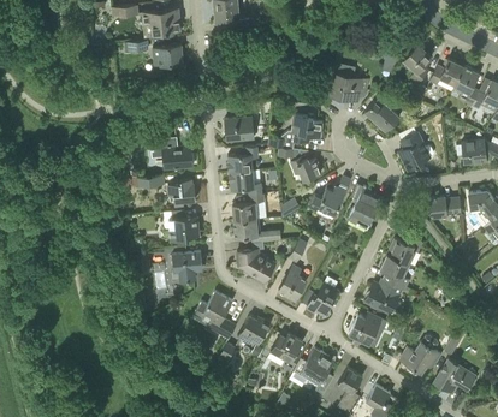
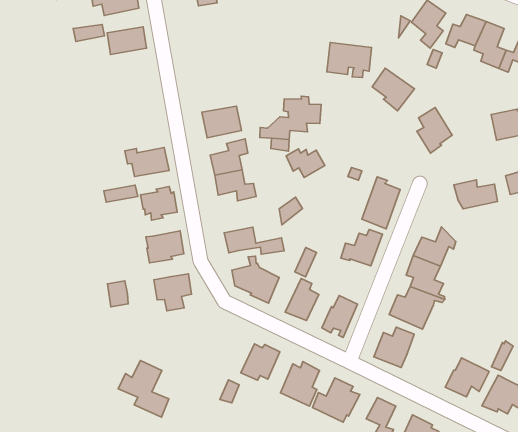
building: [309,185,345,215] -> [341,229,383,266]
building: [232,193,265,221] -> none
building: [195,292,236,340] -> [118,361,169,417]

